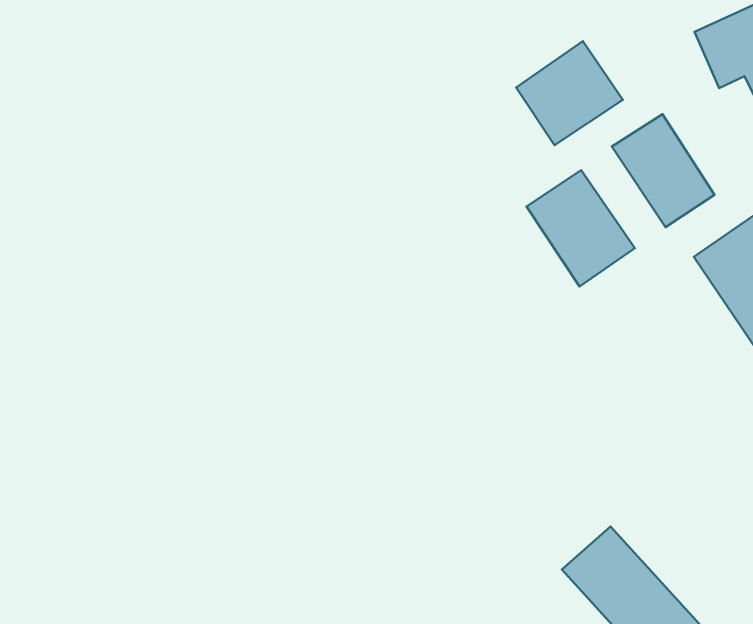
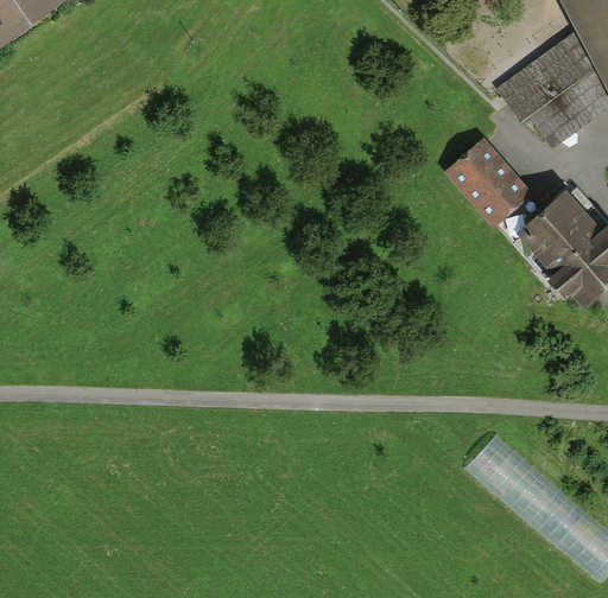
building: [516,41,623,145] -> none
building: [526,170,635,286] -> none

